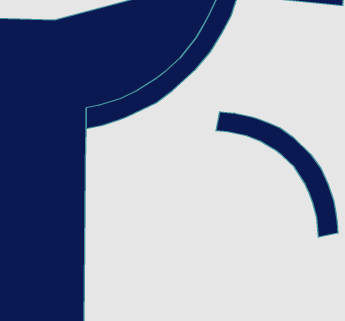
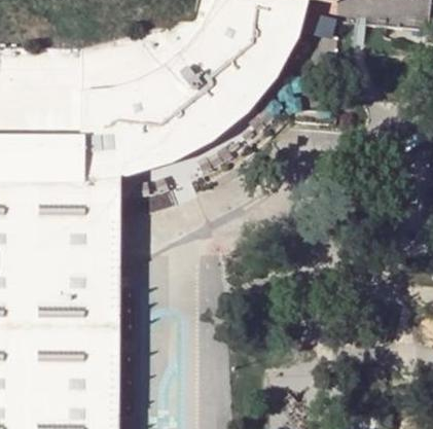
building: [216,112,338,237] -> none

